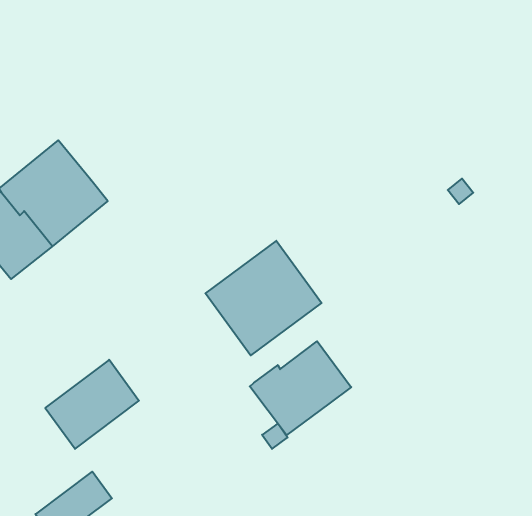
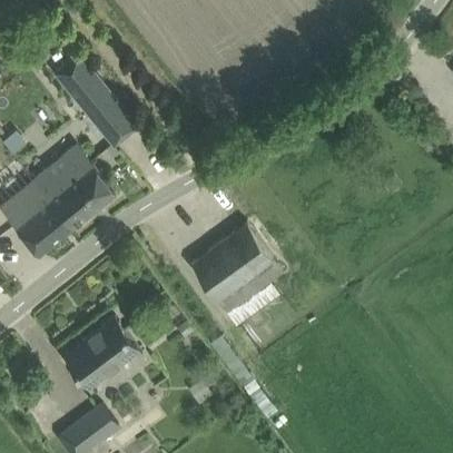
building: none -> [53,56,137,148]
building: [250,341,351,435] -> none

